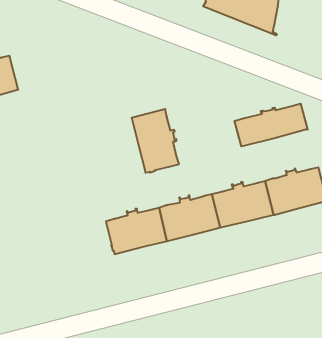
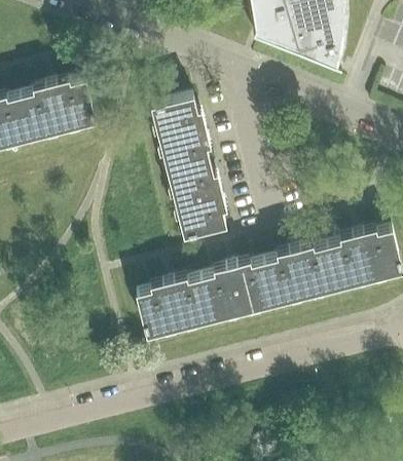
building: none -> [23,79,96,136]
building: none -> [153,97,209,169]
building: [235,104,308,146] -> none

